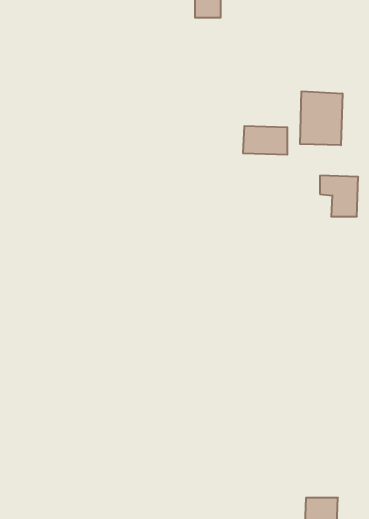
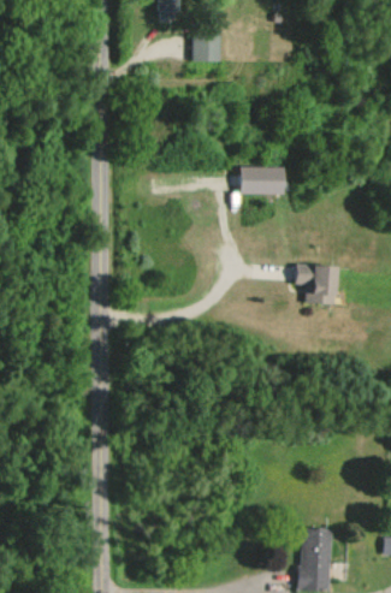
building: [300,91,342,145] -> none
building: [320,176,358,216] -> [294,265,331,304]

